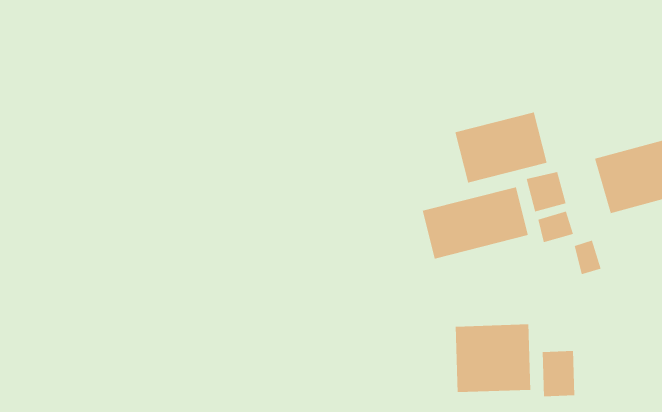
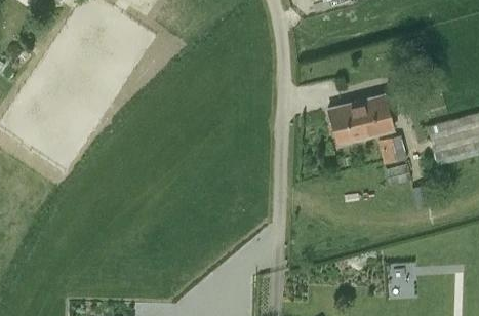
building: [422,186,528,259] -> none
building: [455,324,531,393] -> none

